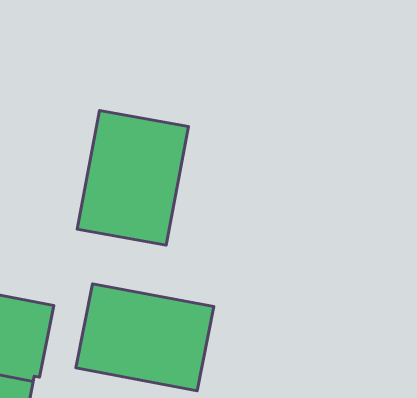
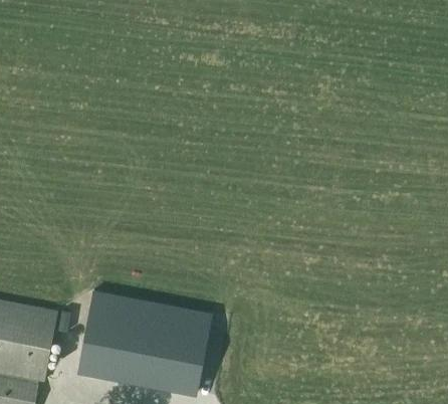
building: [77,111,188,245] -> none

